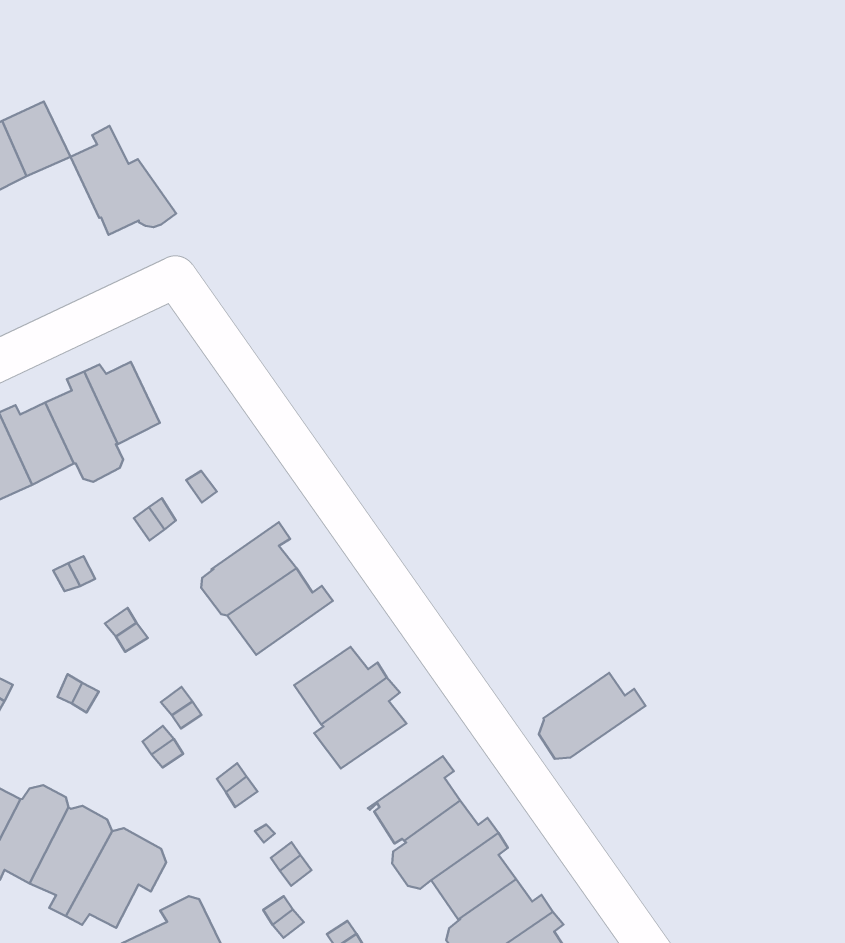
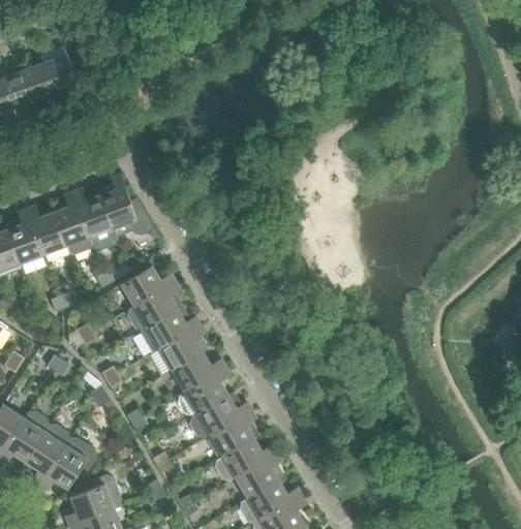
building: [70,126,176,235] -> [100,180,153,237]
building: none -> [121,266,171,306]
building: none -> [153,328,203,370]
building: [539,673,646,759] -> [189,395,246,437]

